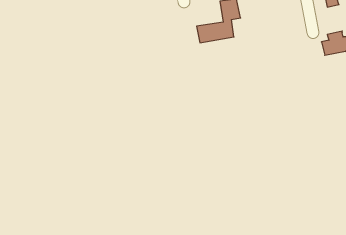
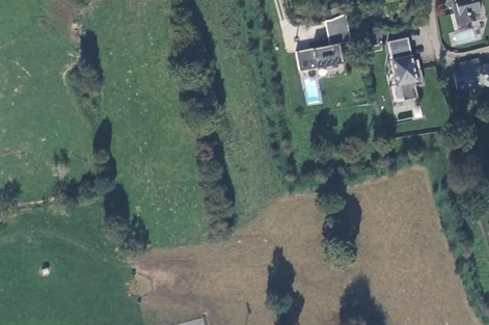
building: none -> [387,35,423,99]

